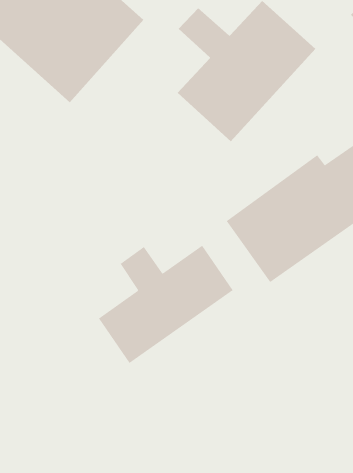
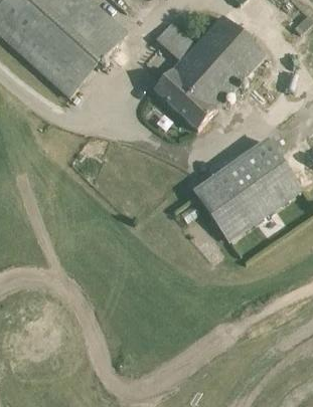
building: [98,245,234,364] -> none

